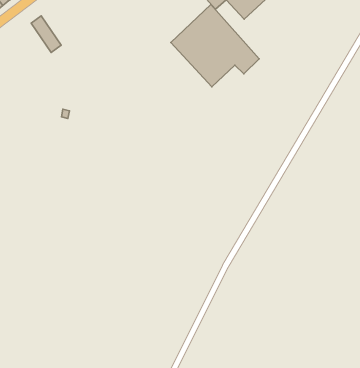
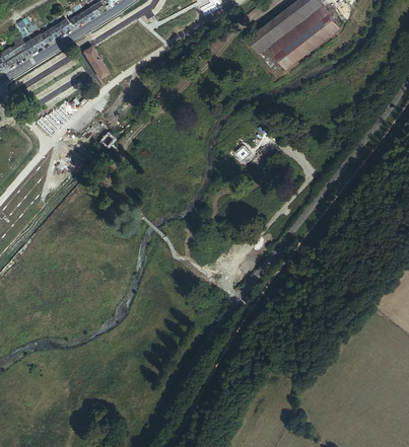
building: [171,4,259,87] -> none

